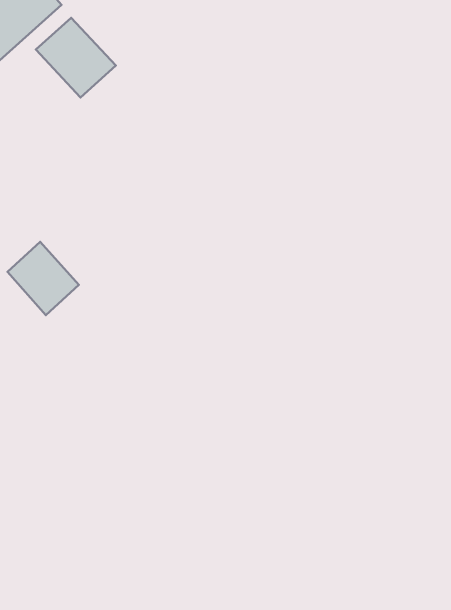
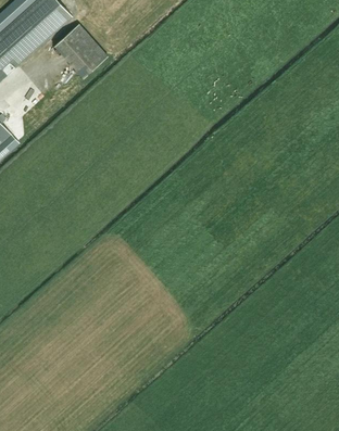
building: [7,242,79,315] -> none

